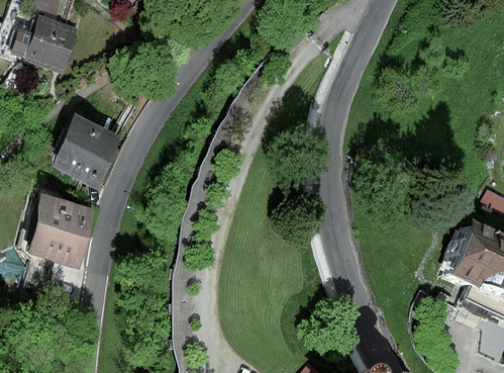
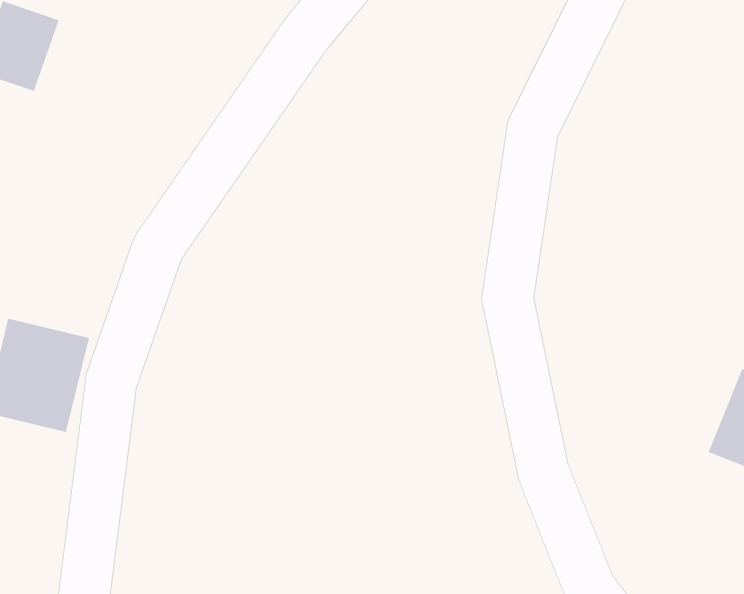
building: [57,117,119,184] -> none

